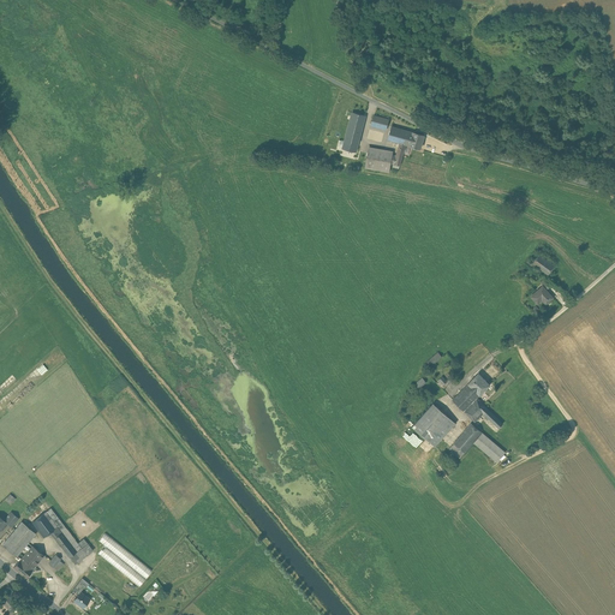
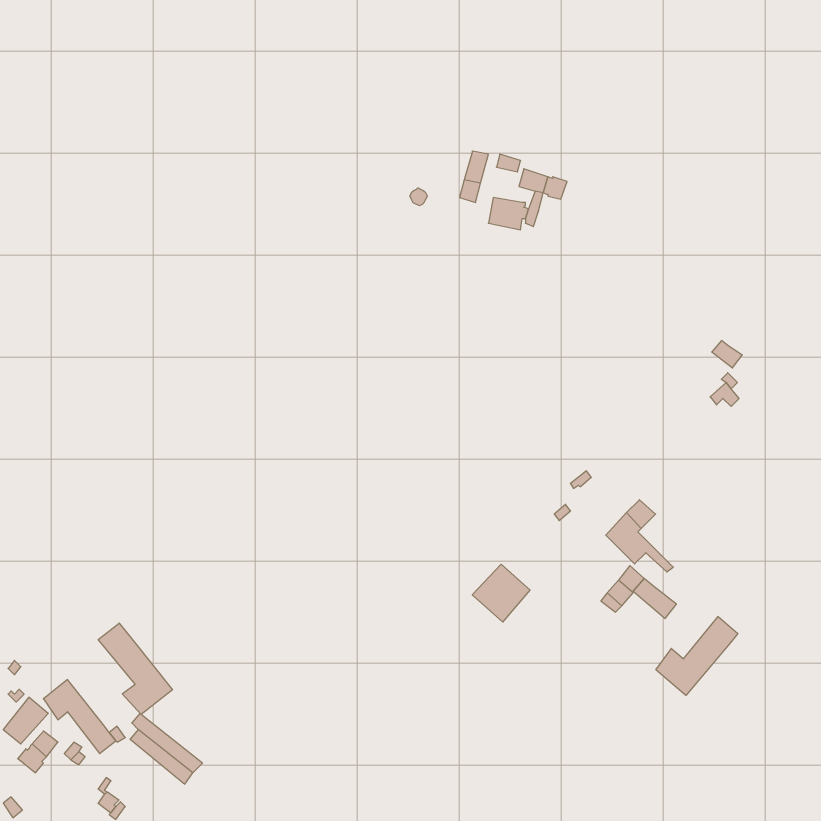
building: [412,404,455,447] -> [472,564,530,622]
building: none -> [656,617,738,695]
building: none -> [98,623,172,714]

